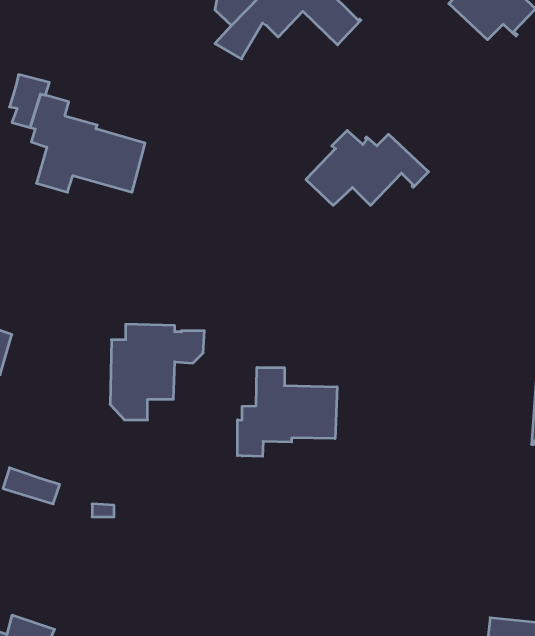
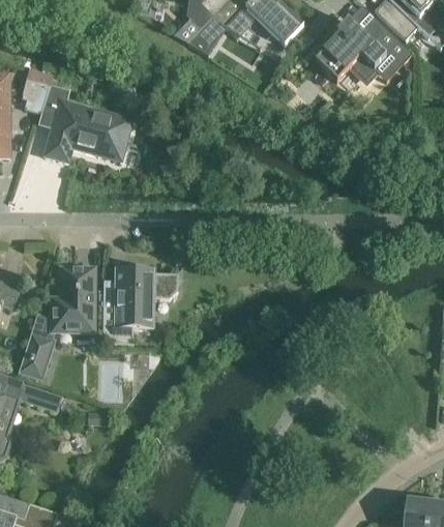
building: [306,130,429,205] -> [315,21,413,81]
building: none -> [19,269,93,377]
building: [237,367,337,456] -> none

